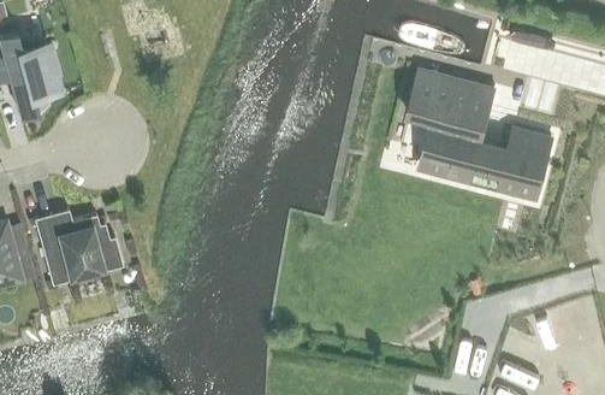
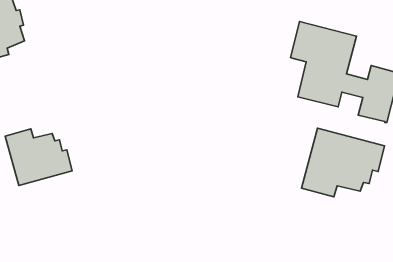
building: none -> [302,128,385,197]

